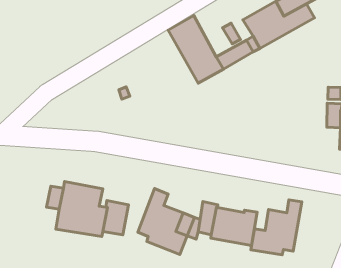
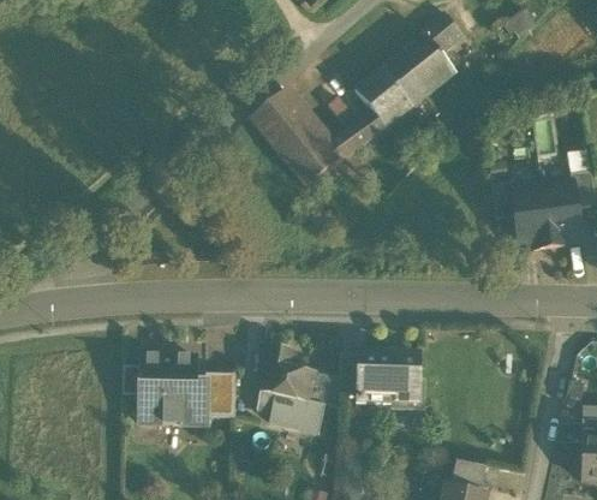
building: [251,200,302,255] -> none

